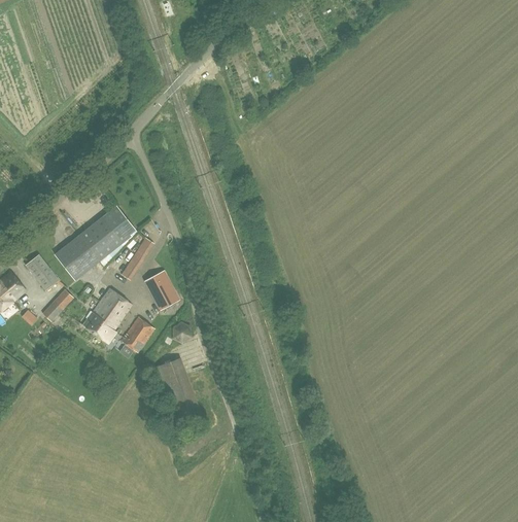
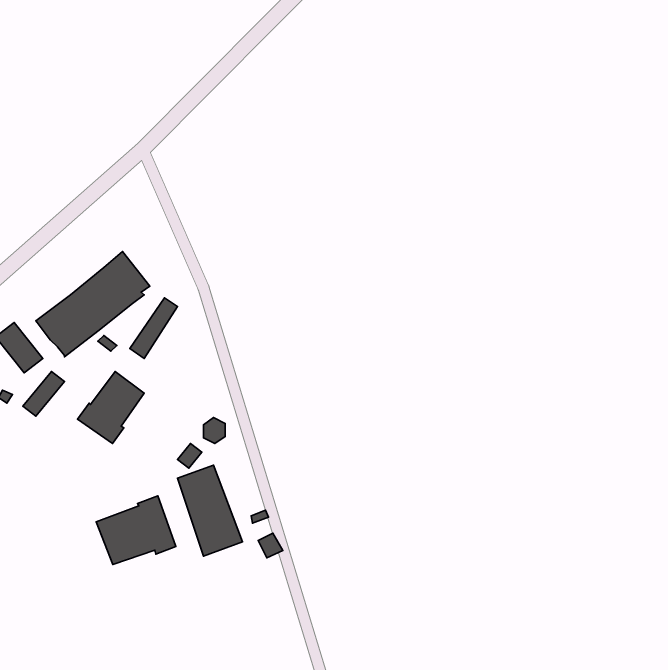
building: [144,270,180,310] -> none
building: [120,316,154,353] -> none
building: none -> [96,496,176,565]

